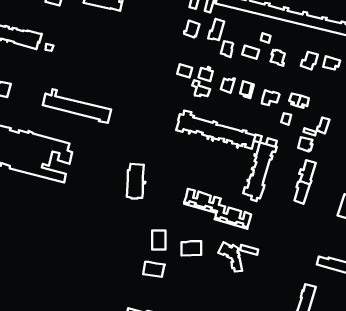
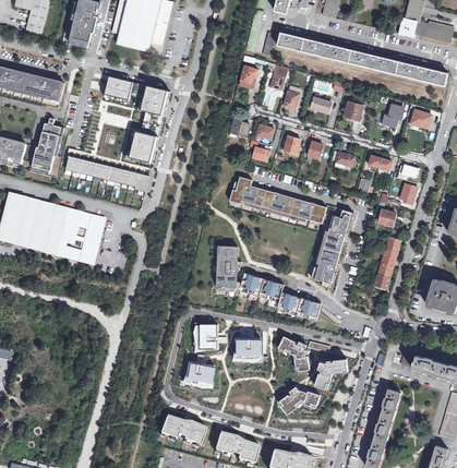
building: none -> [105,76,170,164]
building: none -> [32,118,64,171]
building: [127,164,146,199] -> [217,247,240,289]
building: none -> [314,360,348,387]
building: none -> [279,386,320,415]

